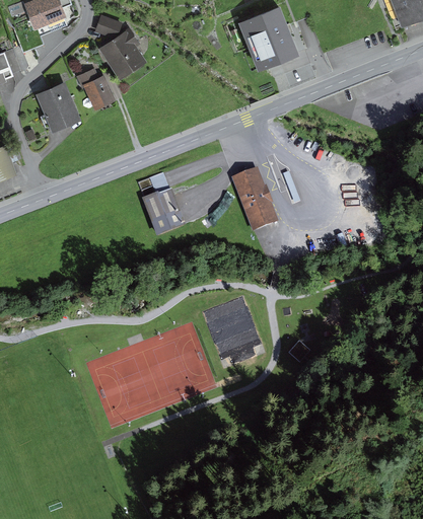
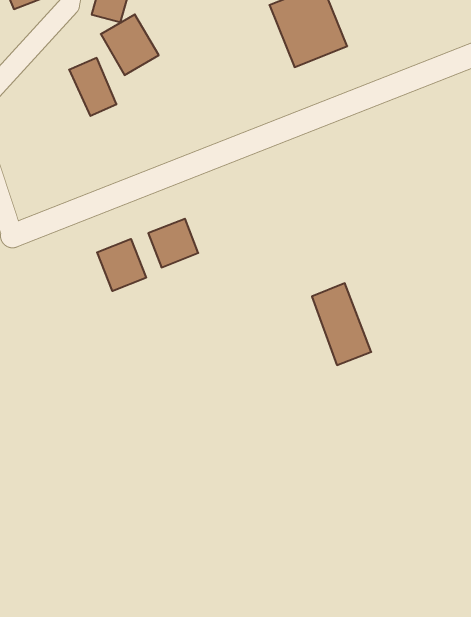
building: [38,80,82,131] -> none
building: [230,167,276,230] -> [312,283,371,365]
building: none -> [97,239,146,291]

